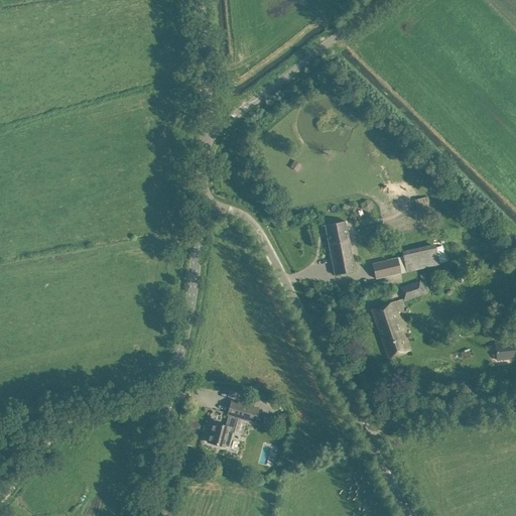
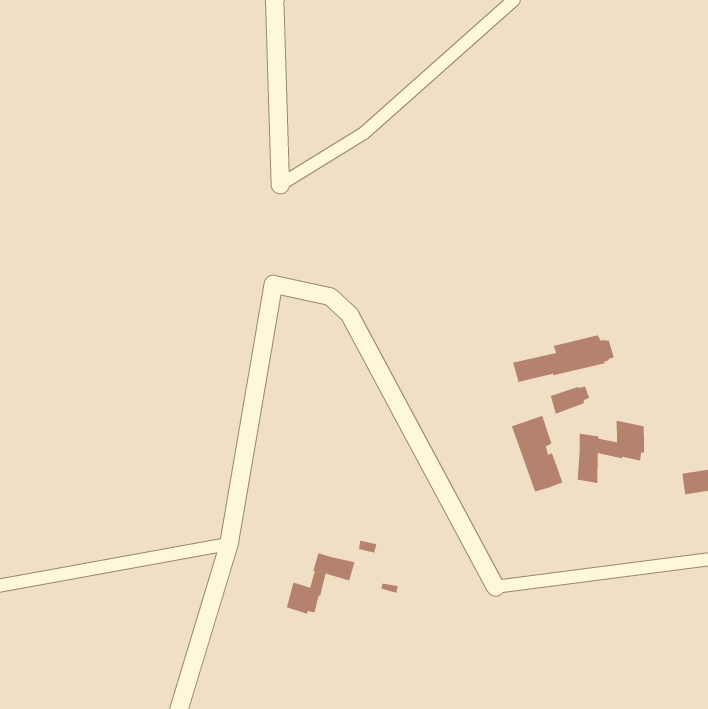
building: [326,221,356,275] -> none
building: none -> [577,420,645,484]

